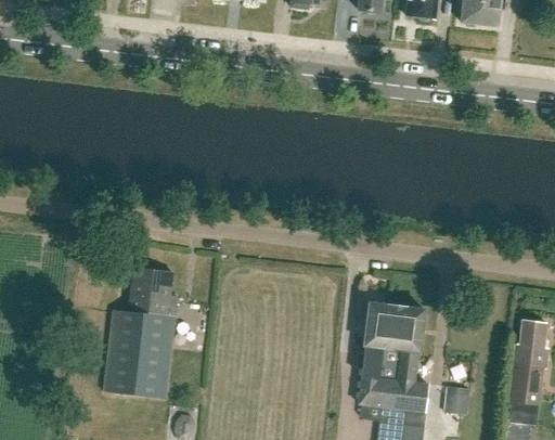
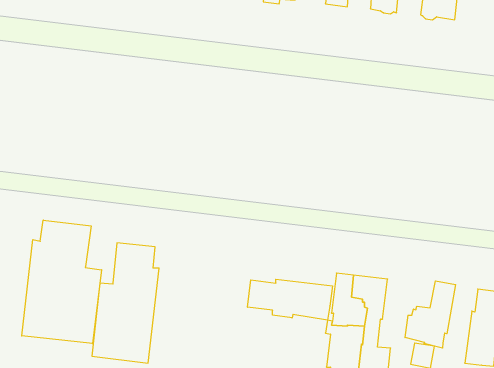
building: none -> [22,220,102,344]
building: none -> [248,279,332,320]
building: none -> [405,281,456,348]

